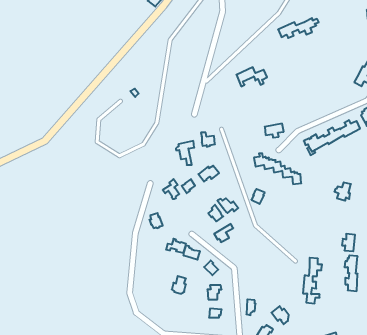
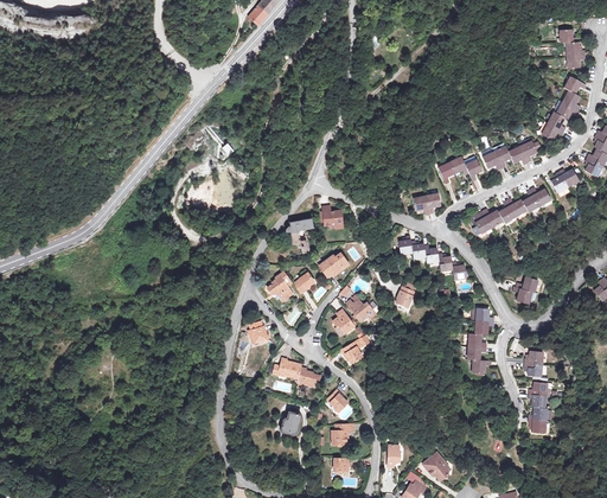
building: [278,18,319,38] -> [481,141,539,170]
building: [236,67,267,86] -> [436,157,480,184]
building: [303,258,322,303] -> [466,308,493,374]

